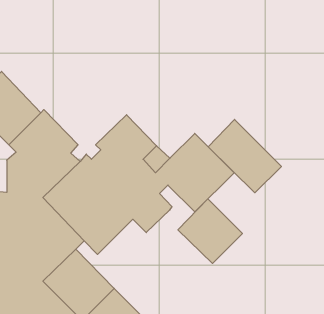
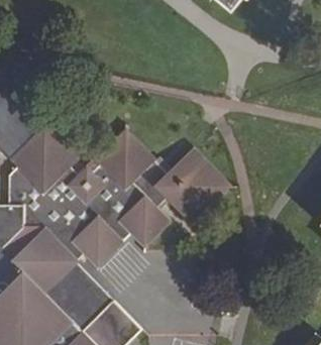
building: [208,119,281,193] -> none
building: [178,199,242,263] -> none

